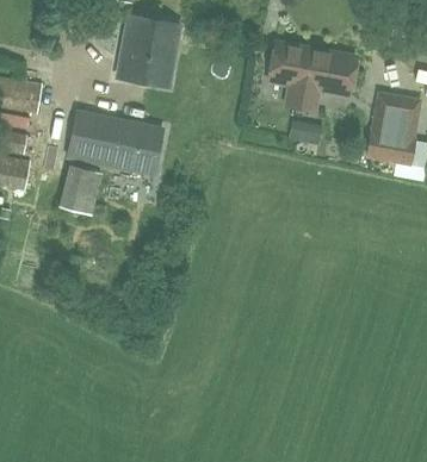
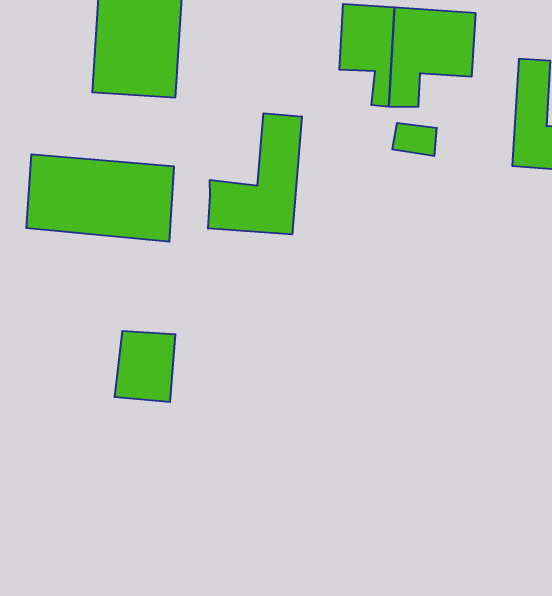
building: none -> [208,113,302,234]
building: [57,167,99,213] -> [114,331,176,402]

